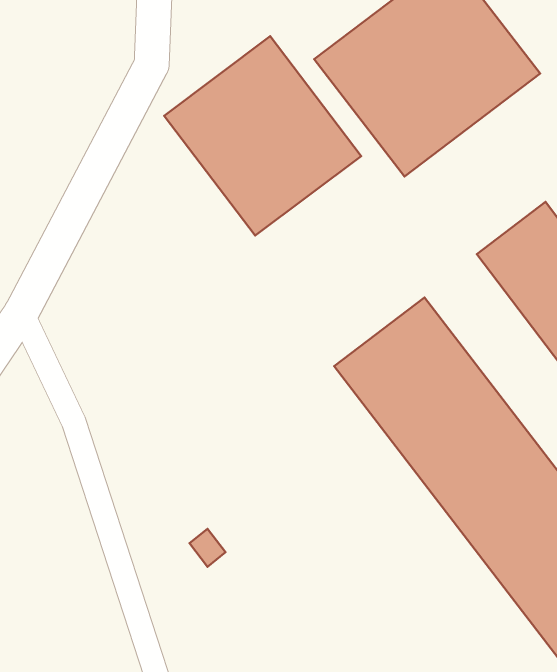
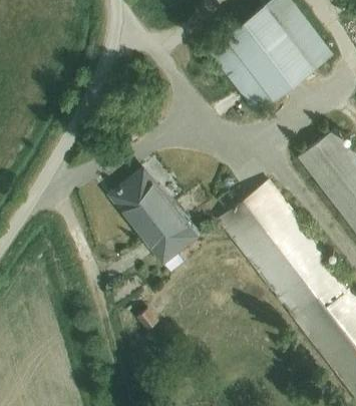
building: [164,36,361,236] -> none
building: none -> [112,169,199,271]

